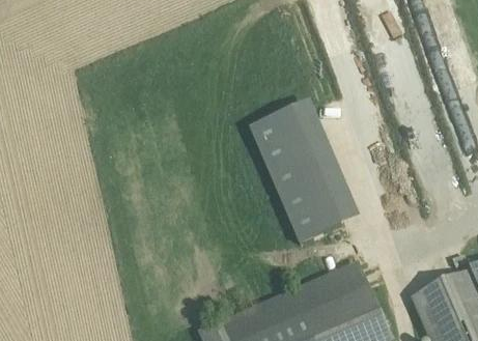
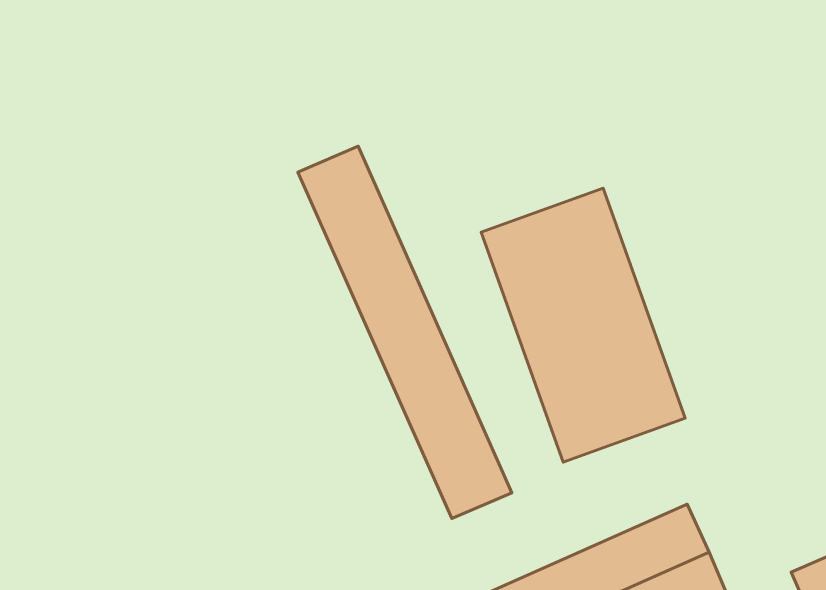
building: none -> [298,146,512,519]

